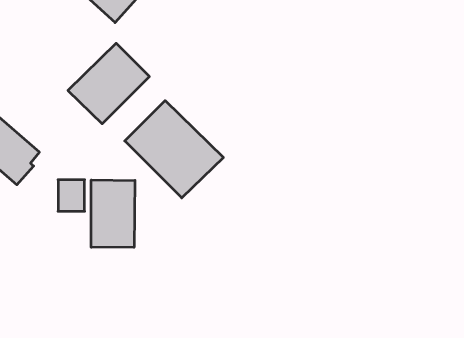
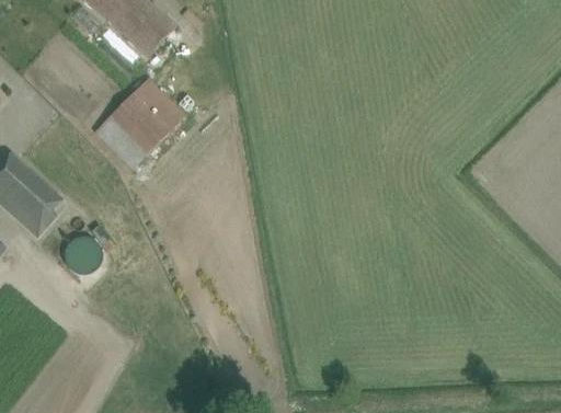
building: [125,101,223,198] -> none
building: [91,180,135,247] -> none

